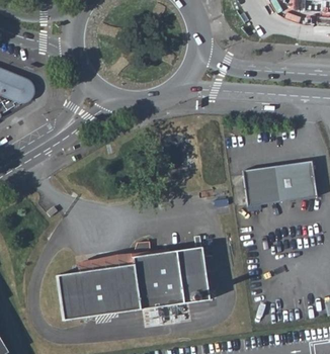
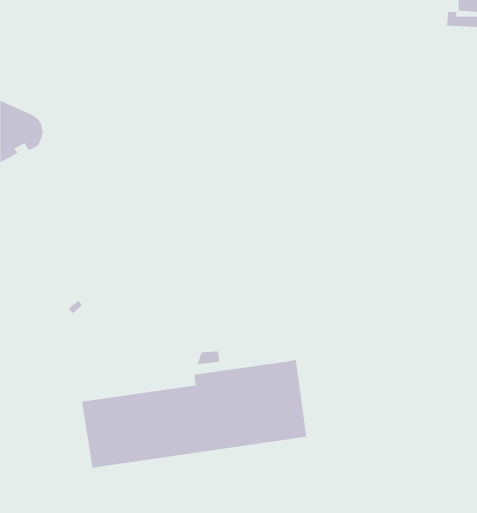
building: [242,160,317,206] -> none

